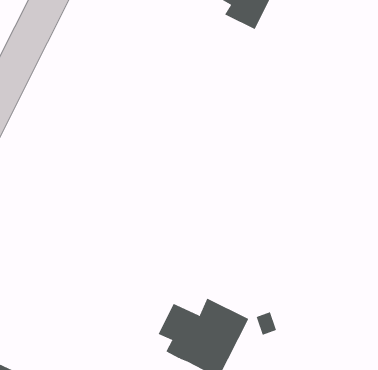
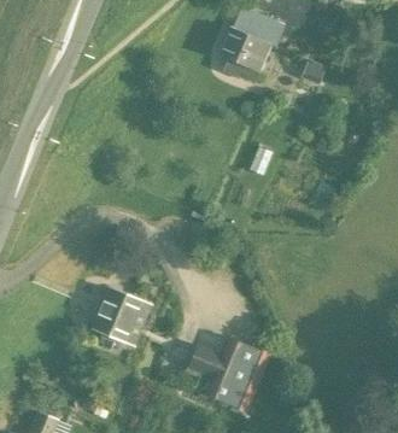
building: none -> [93,287,141,339]

